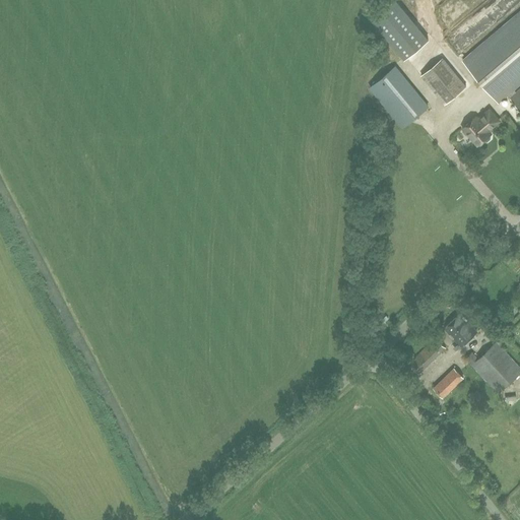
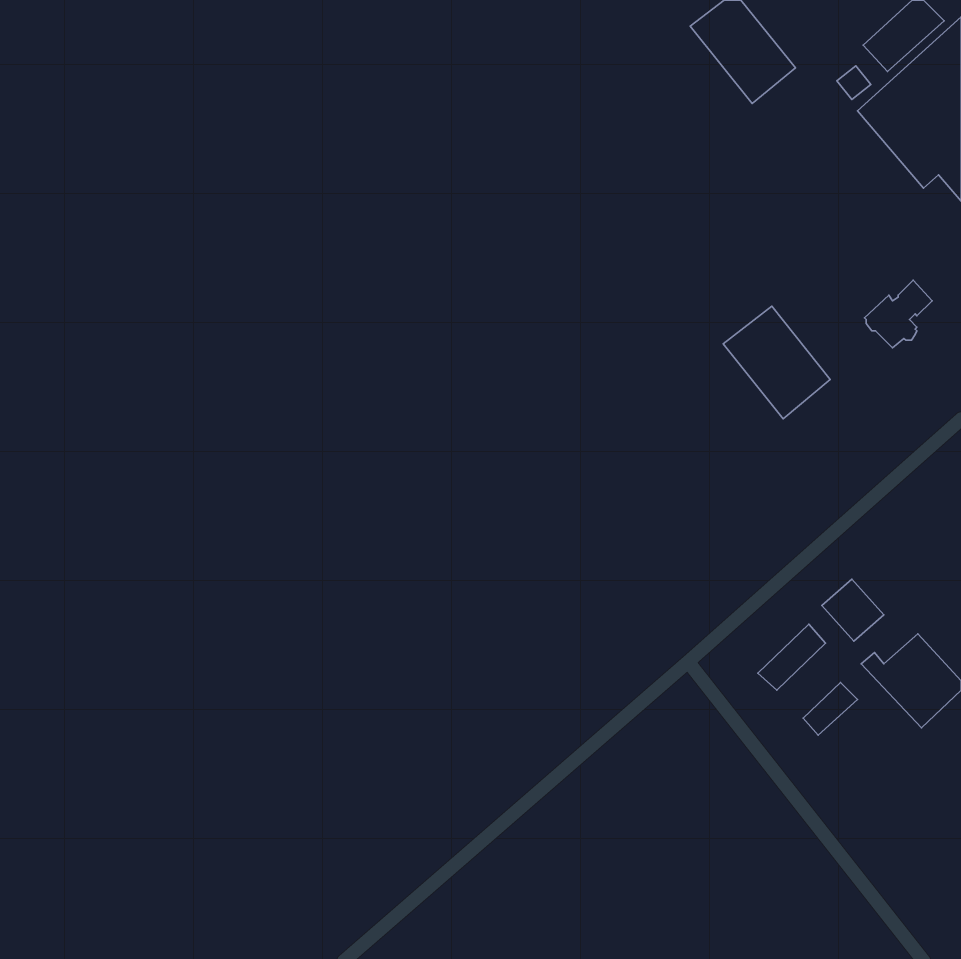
building: [421,58,466,105] -> none
building: [370,67,428,128] -> [723,306,830,419]
building: [462,110,499,146] -> [864,280,932,348]

